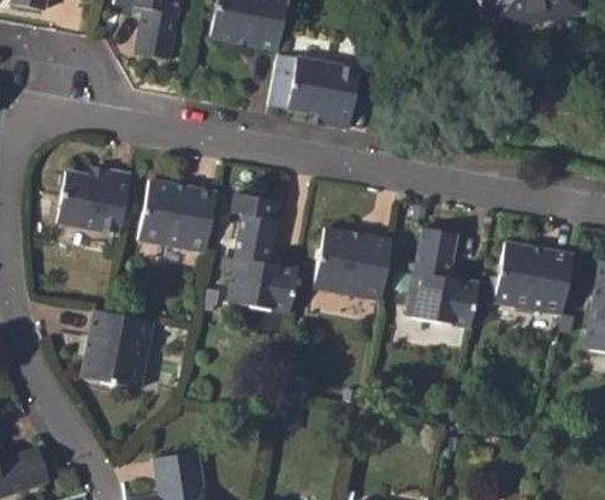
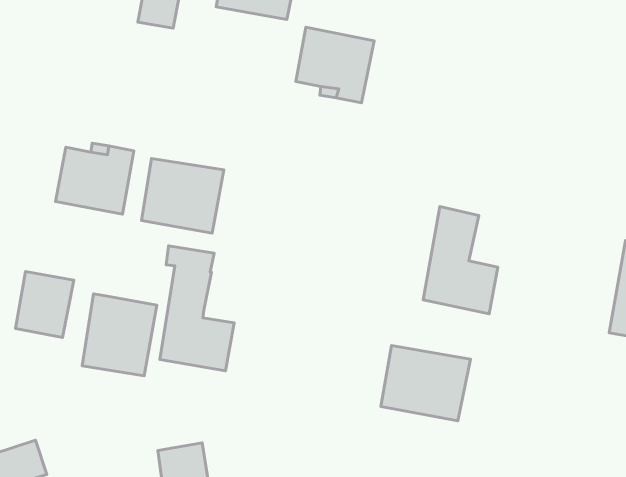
building: [226,194,297,312] -> [160,246,234,371]
building: [312,227,391,299] -> none
building: [494,242,573,314] -> none
building: none -> [15,272,74,338]
building: none -> [381,345,470,421]

